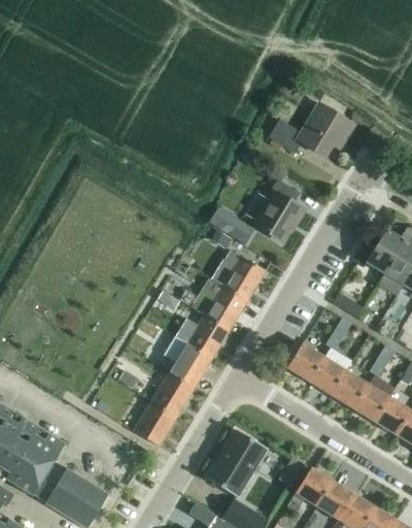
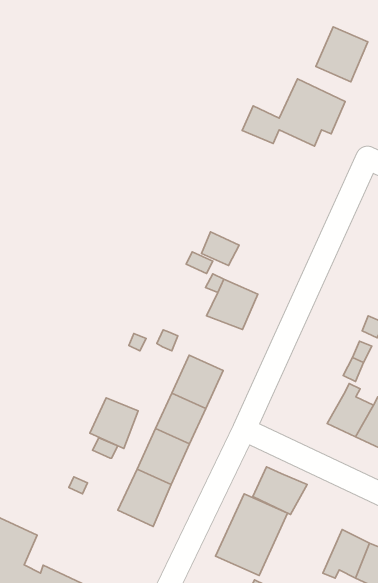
building: none -> [316,27,368,82]
building: [253,178,302,241] -> none
building: [204,283,249,328] -> none
building: none -> [90,398,138,449]
building: [286,342,325,381] -> none
building: none -> [253,467,307,514]

